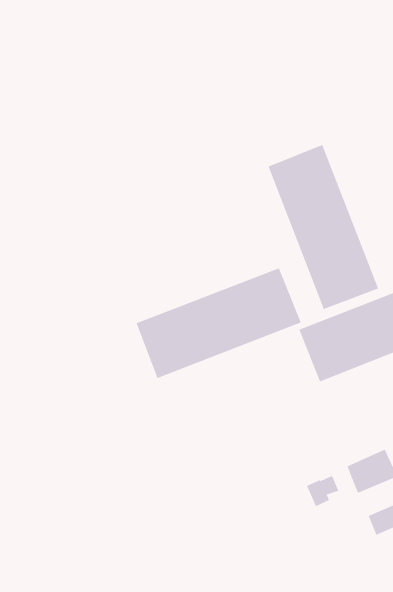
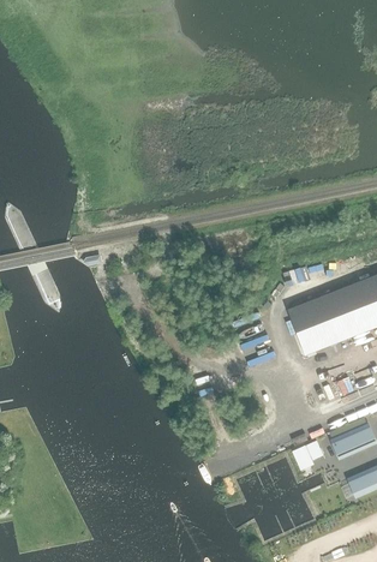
building: [268,144,379,310] -> none
building: [136,268,301,379] -> none

